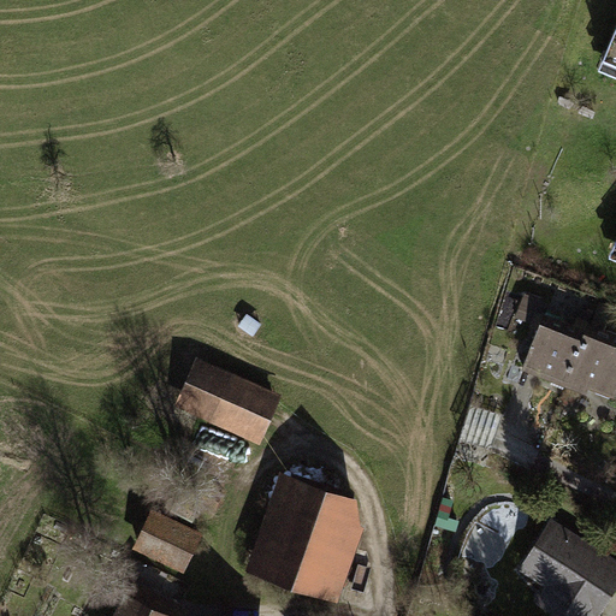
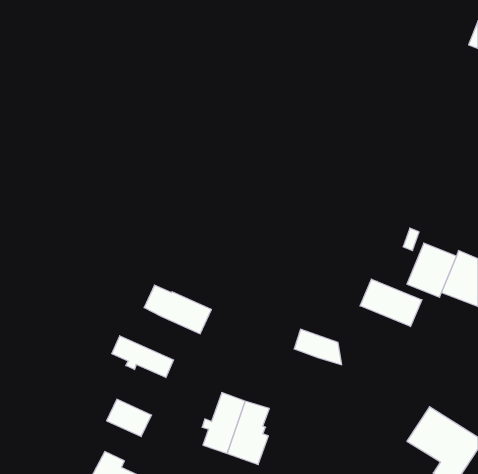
building: none -> [360,279,422,327]
building: none -> [112,336,173,378]
building: [285,485,346,531] -> [294,329,342,365]

